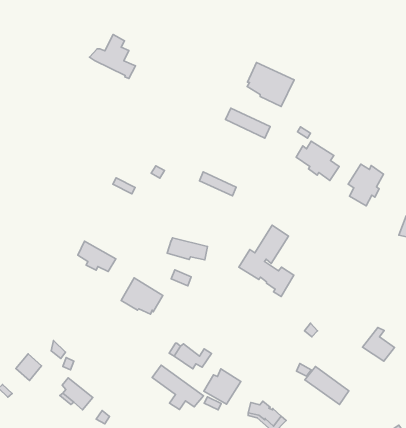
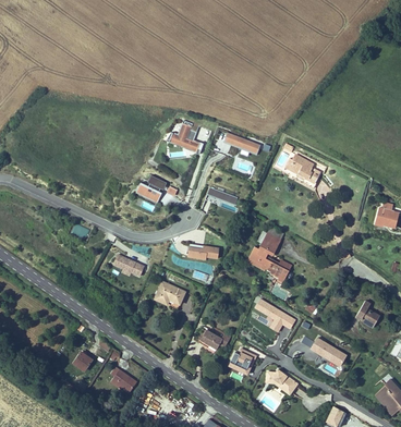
building: [90,34,135,78] -> [166,120,204,155]
building: [247,63,294,107] -> none
building: none -> [135,175,167,204]
building: [348,164,384,206] -> none
building: [152,365,203,409] -> [253,297,296,332]

